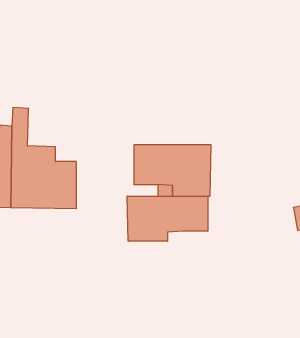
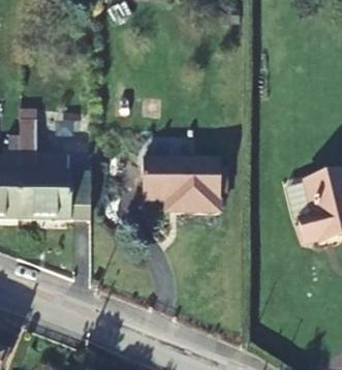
building: [127,196,208,241] -> none

